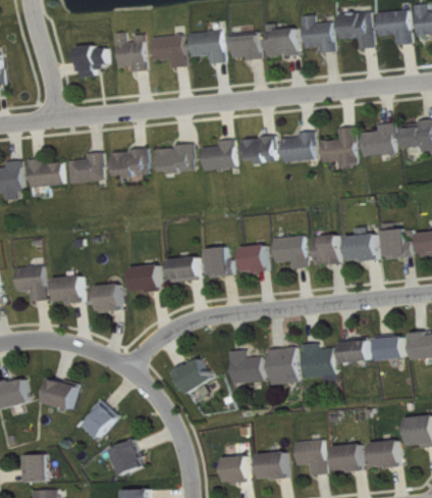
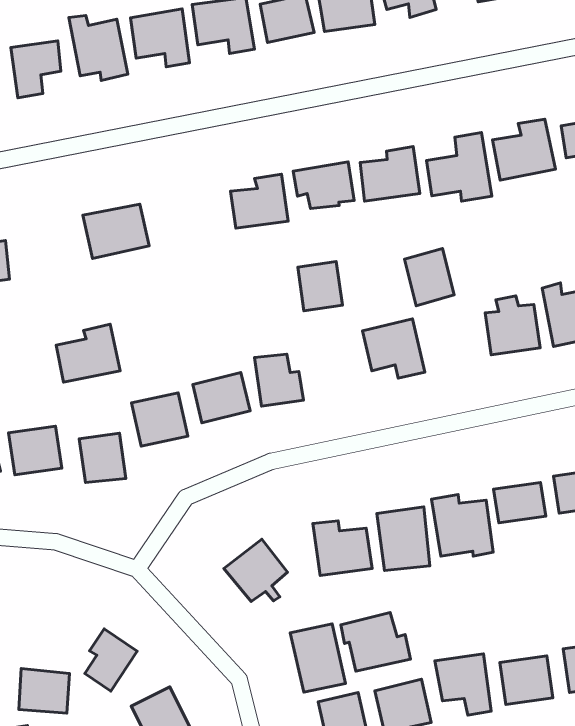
building: [155,144,194,175] -> none
building: [67,152,104,184] -> [56,324,120,382]
building: [311,234,338,266] -> [405,248,454,306]
building: [239,245,264,272] -> [298,261,343,311]
building: [42,380,74,409] -> [19,668,69,713]
building: none -> [341,613,411,671]
building: none -> [290,624,346,692]

